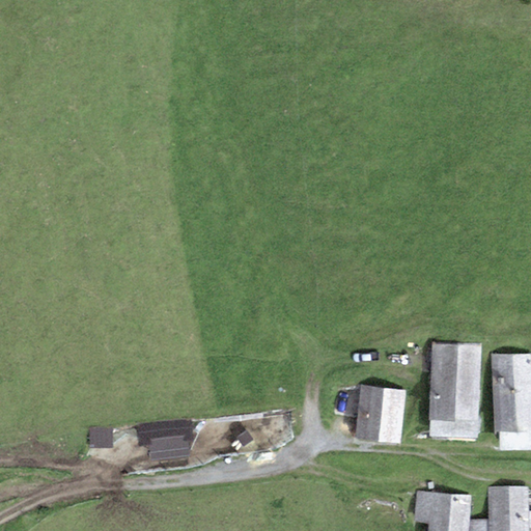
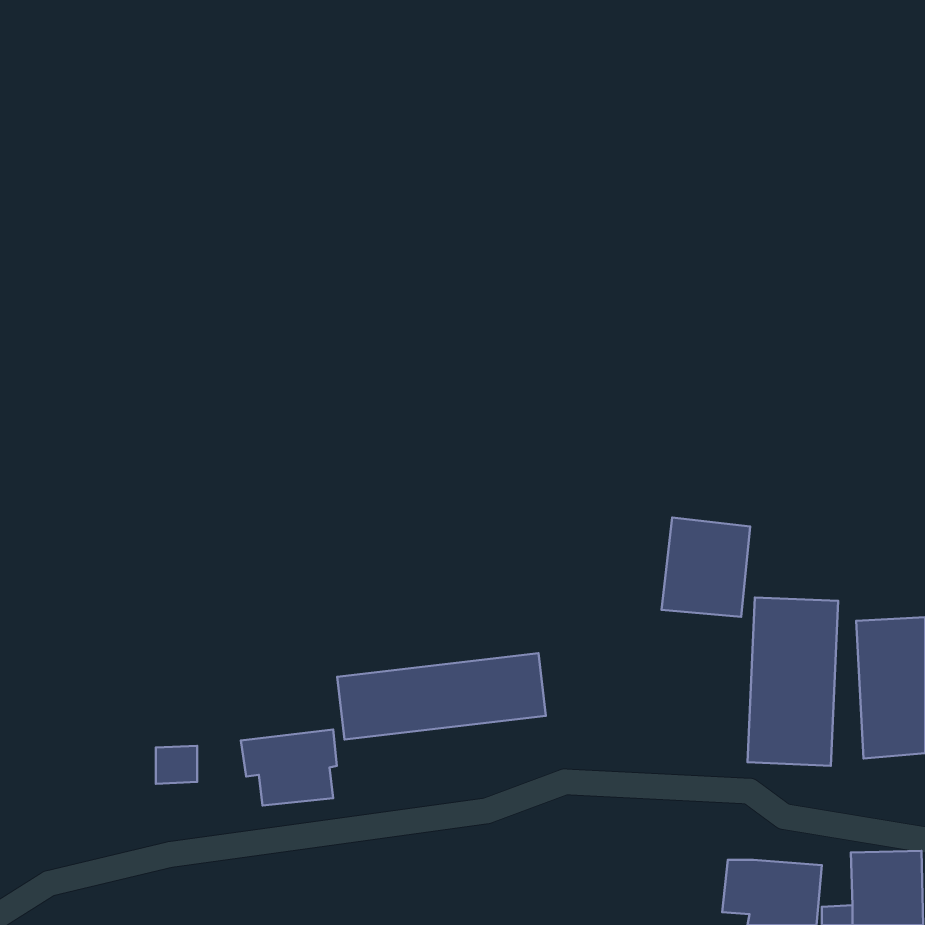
building: none -> [337,653,546,739]
building: [355,386,406,443] -> [661,517,750,617]

